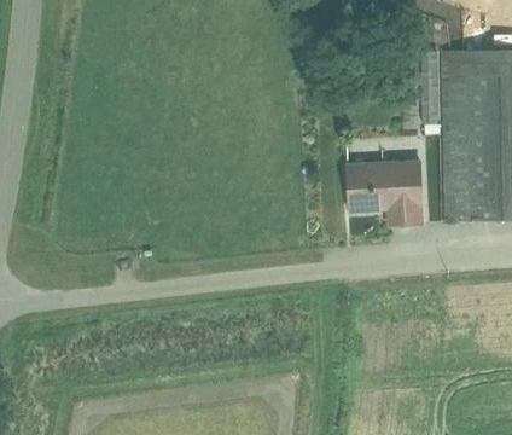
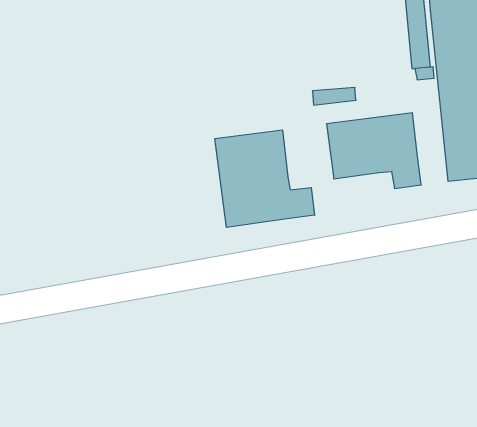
building: none -> [215,130,315,227]

